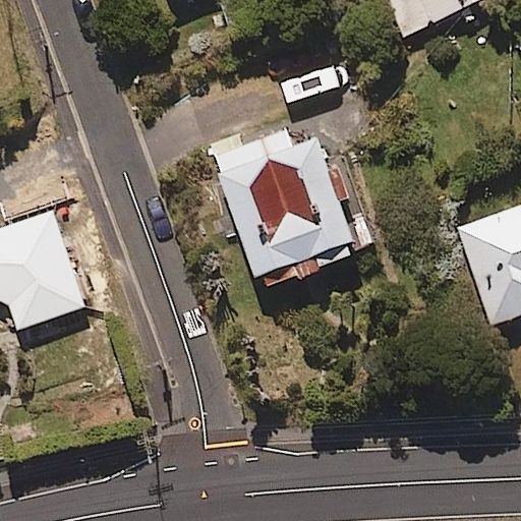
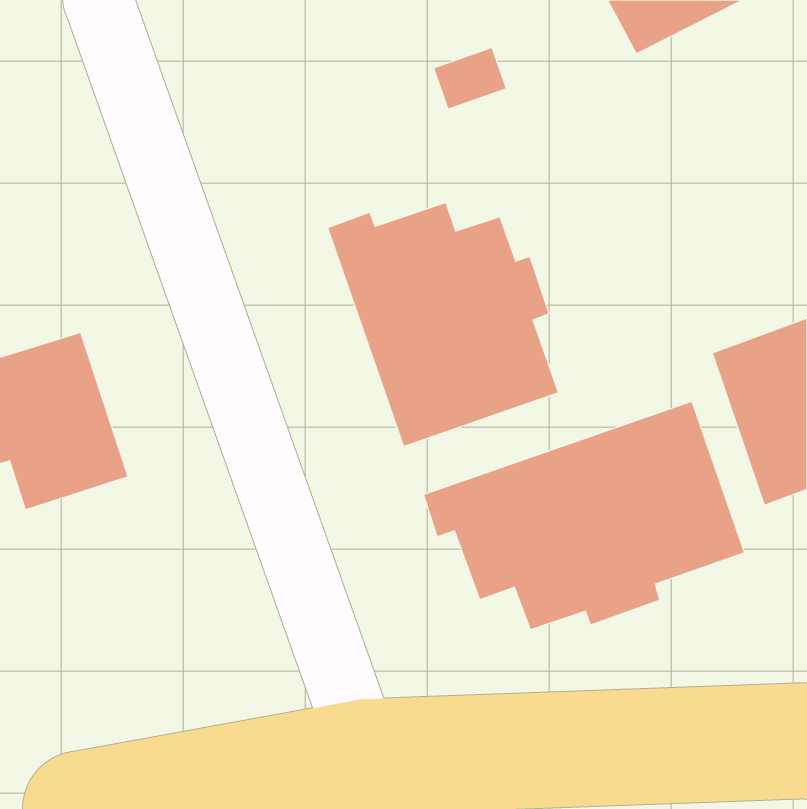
building: none -> [423,401,745,630]

